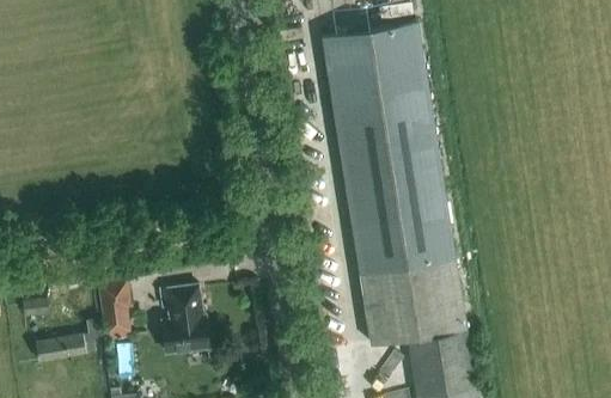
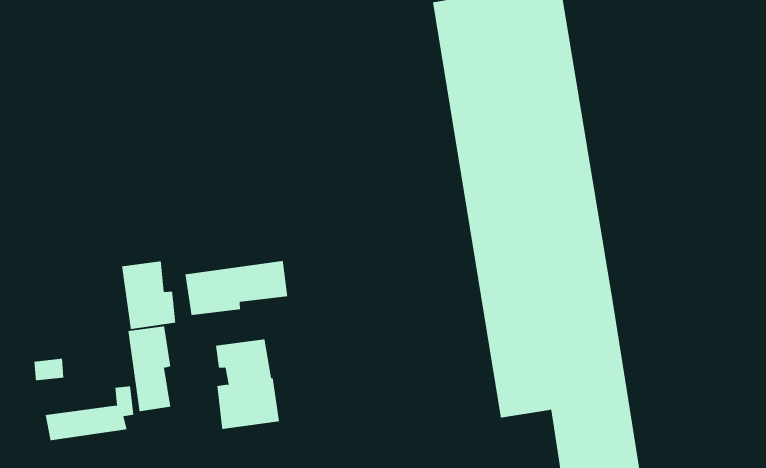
building: none -> [185,260,288,316]
building: none -> [121,261,176,330]

